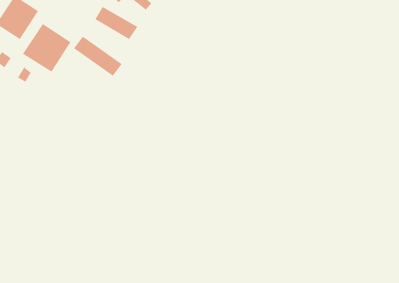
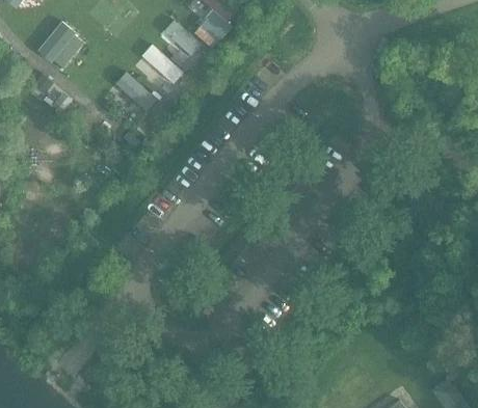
building: [22,23,71,72] -> none

